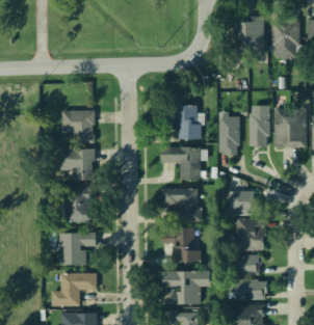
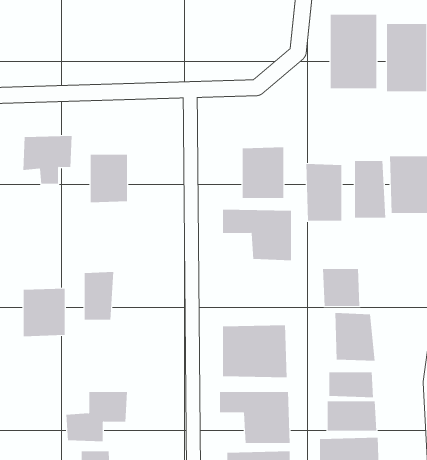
building: [61,145,96,179] -> [22,135,73,184]
building: [161,187,205,222] -> none
building: [60,232,89,265] -> [23,288,65,337]

